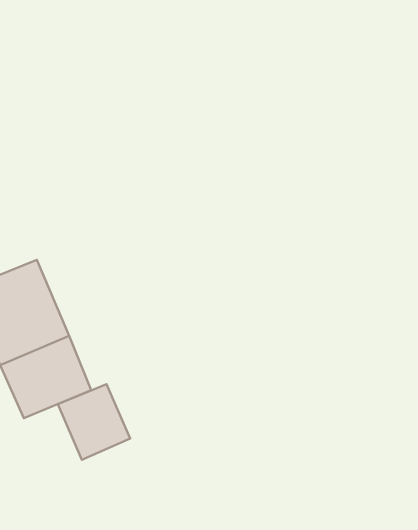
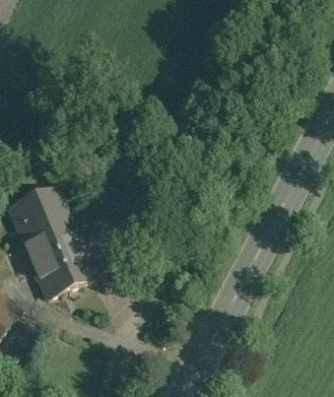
building: [58,384,130,460] -> none

